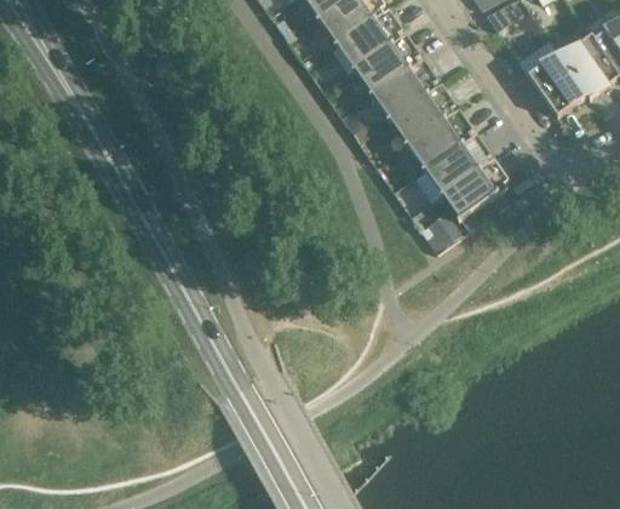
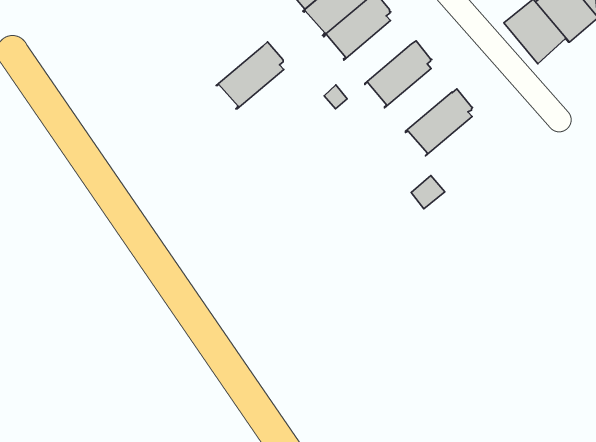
building: [364,59,431,121] -> [216,42,284,109]
building: [400,109,466,171] -> none
building: [435,159,501,227] -> none

